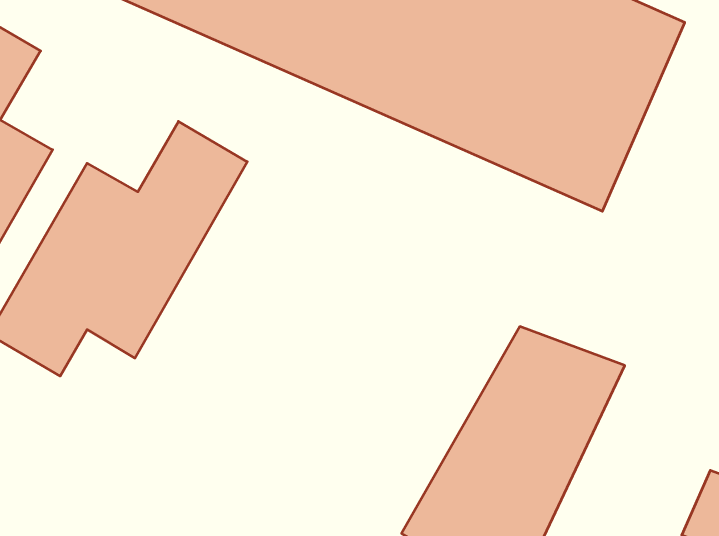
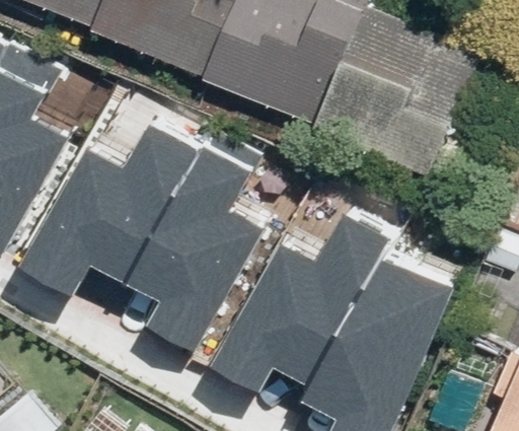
building: none -> [127,148,262,349]
building: none -> [212,215,387,390]

